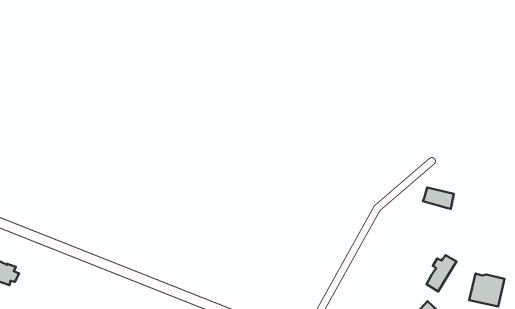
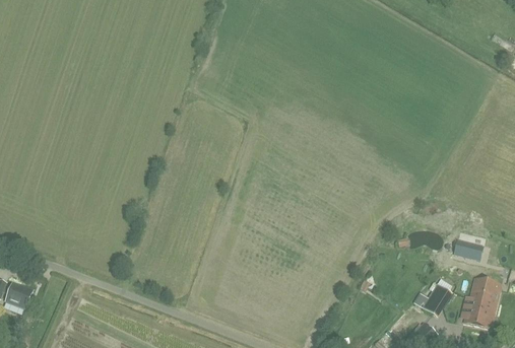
building: [423,187,454,209] -> [453,239,482,260]
building: none -> [468,276,501,300]

